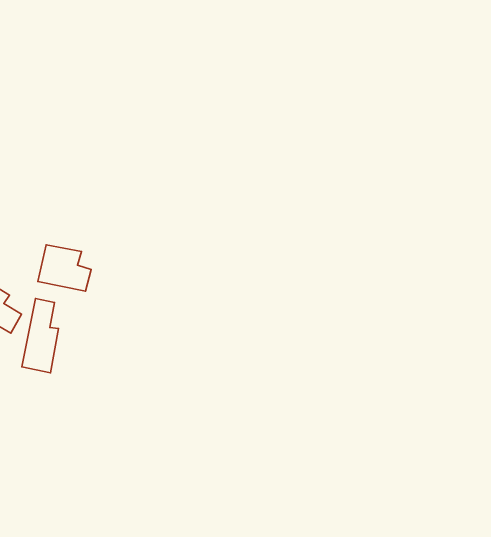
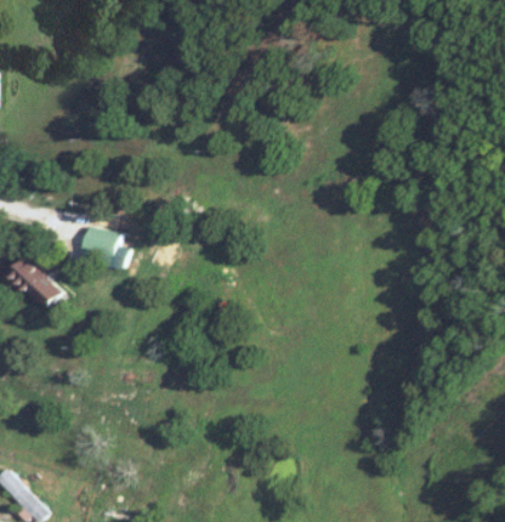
building: [22,298,59,373] -> none

